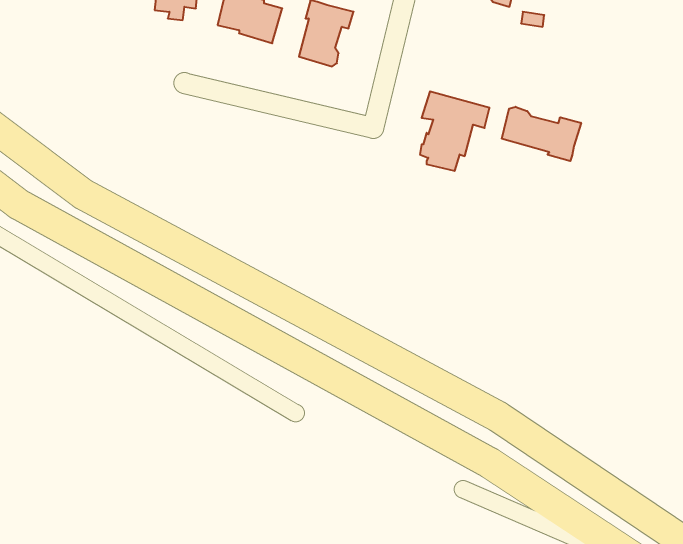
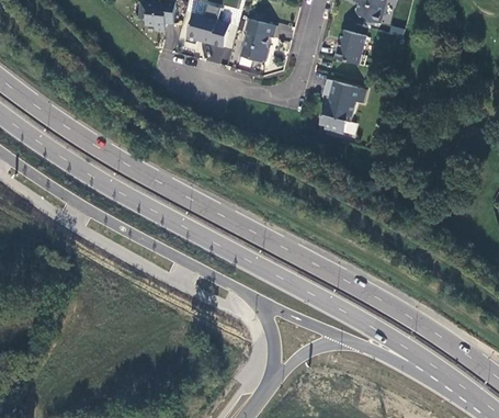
building: none -> [337,30,367,64]
building: [502,107,581,161] -> none

